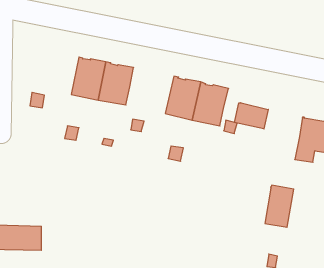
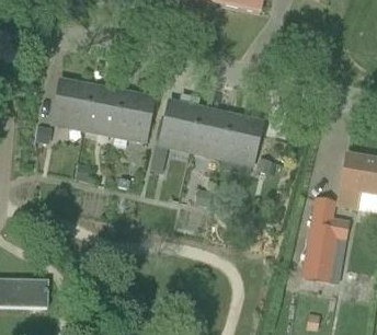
building: none -> [50,78,91,127]
building: none -> [158,100,199,149]
building: [235,103,268,129] -> none
building: none -> [311,196,349,236]

